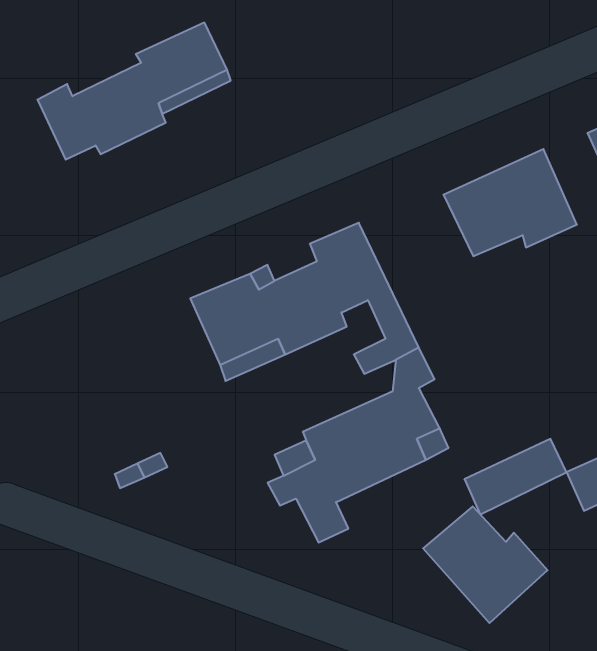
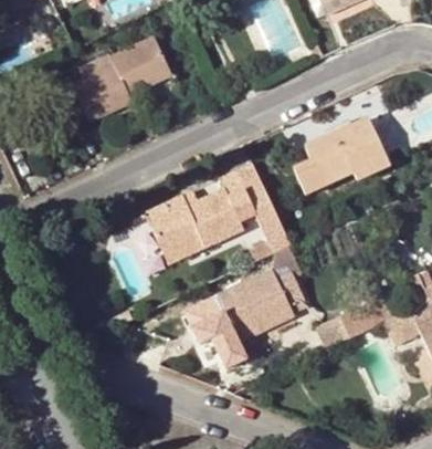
building: [423,506,548,623] -> none

